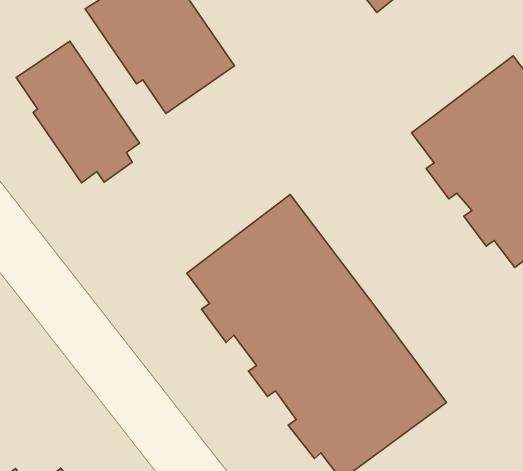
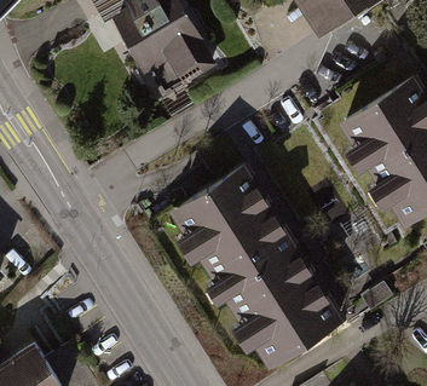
building: [16,41,140,183] -> none

